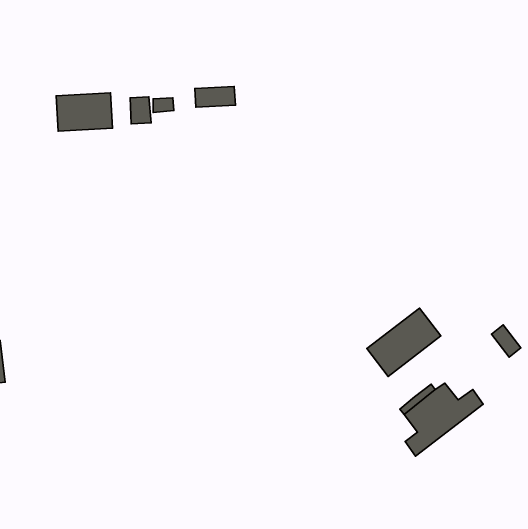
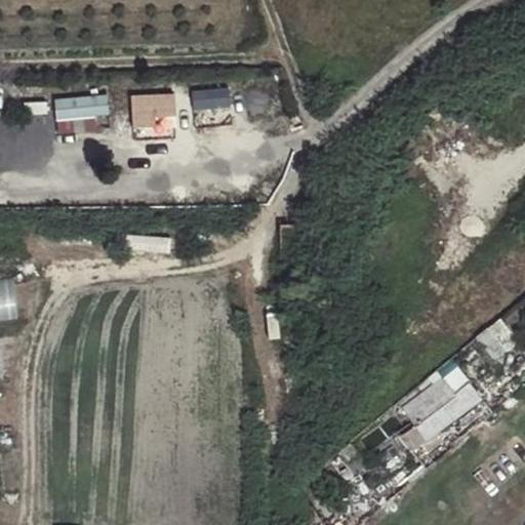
building: [367,308,441,376] -> none

